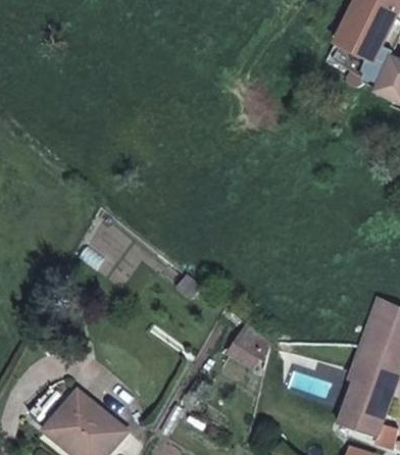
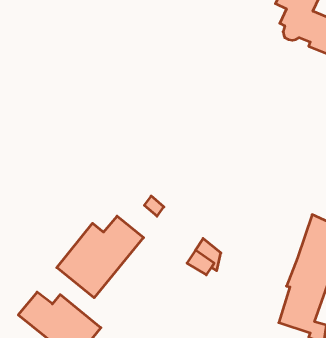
building: none -> [57,216,144,298]

